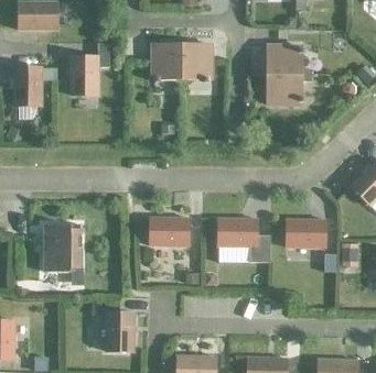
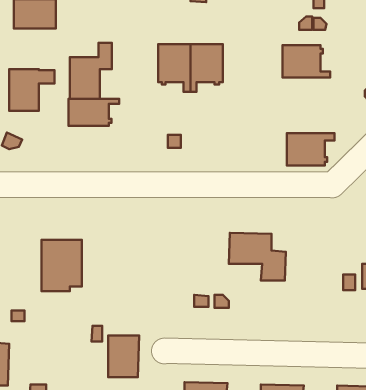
building: [266,74,310,103] -> [287,133,334,165]
building: none -> [68,99,119,126]
building: [148,217,187,244] -> none
building: [284,218,324,246] -> none

